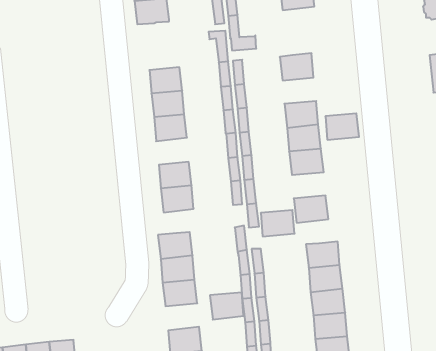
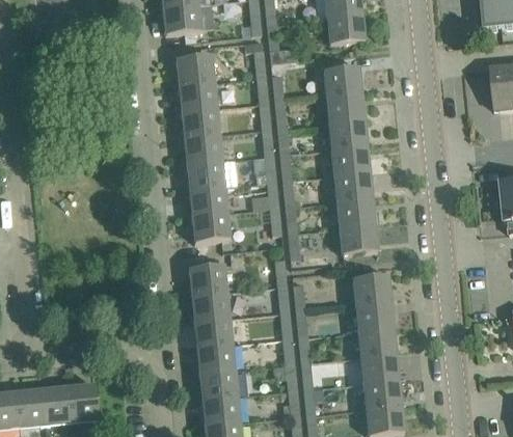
building: none -> [327,13,365,44]
building: none -> [177,54,213,84]
building: [325,113,359,140] -> [327,92,365,121]
building: none -> [187,159,223,189]
building: [261,210,295,236] -> [338,197,375,226]
building: [210,292,244,320] -> [197,343,235,373]

